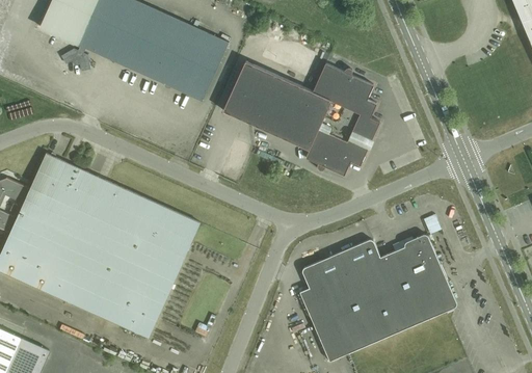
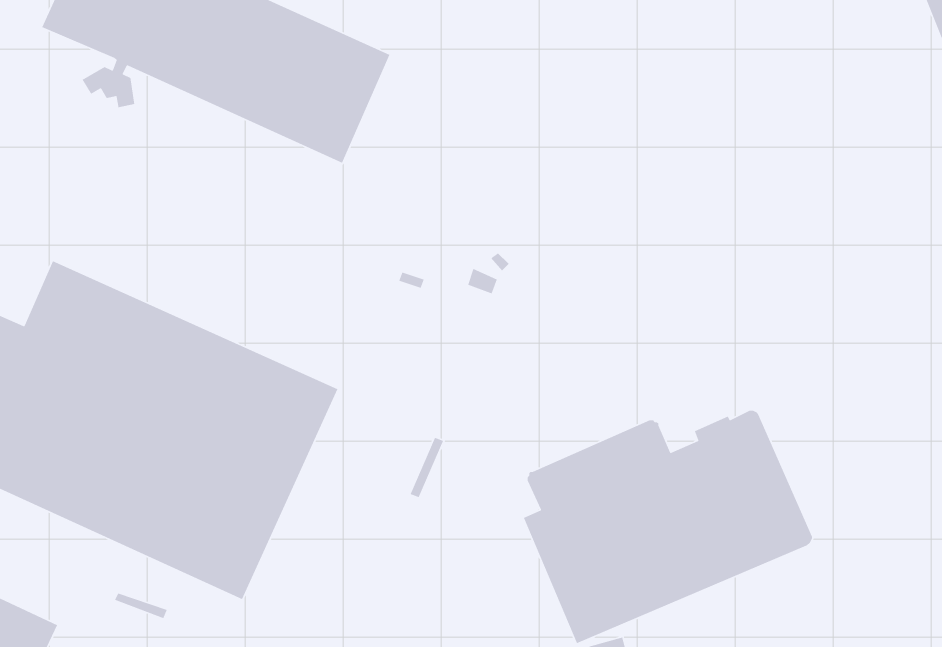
building: [223,61,380,176] -> none

